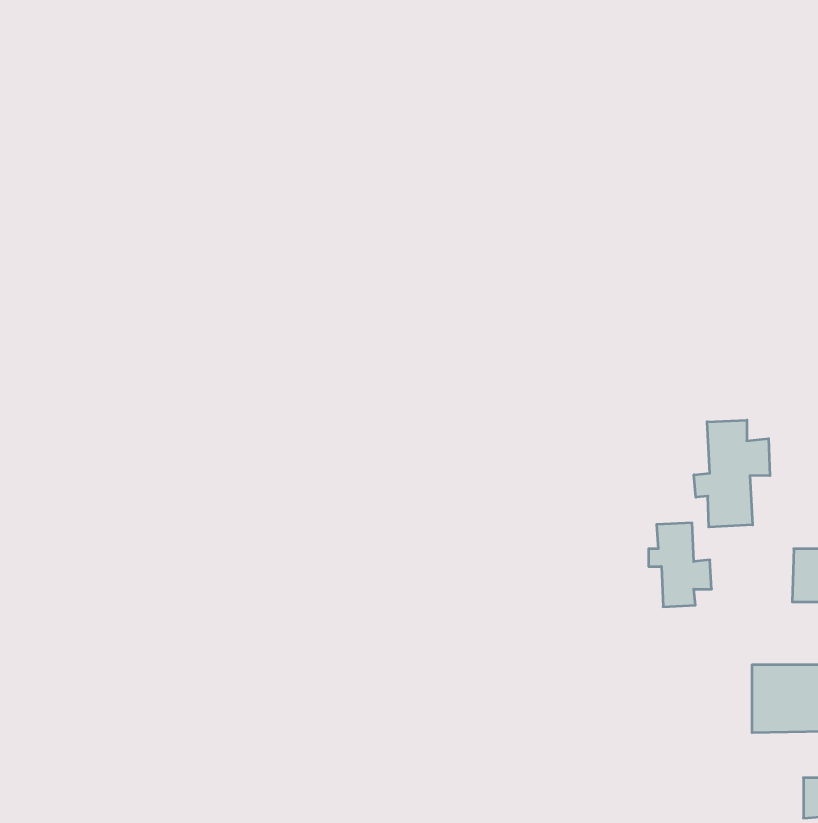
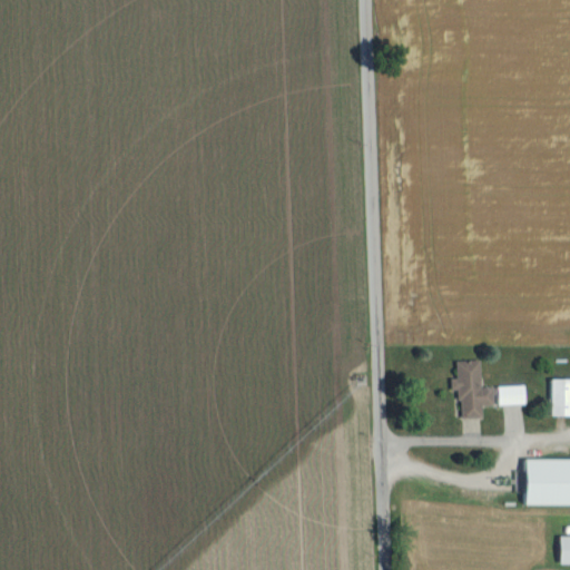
building: [694,420,770,527] -> none
building: none -> [498,385,528,405]

